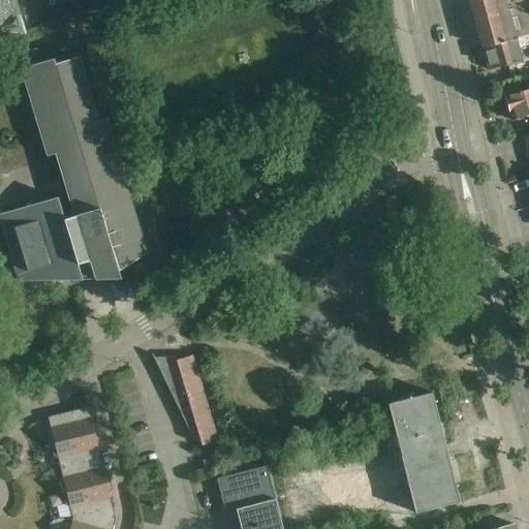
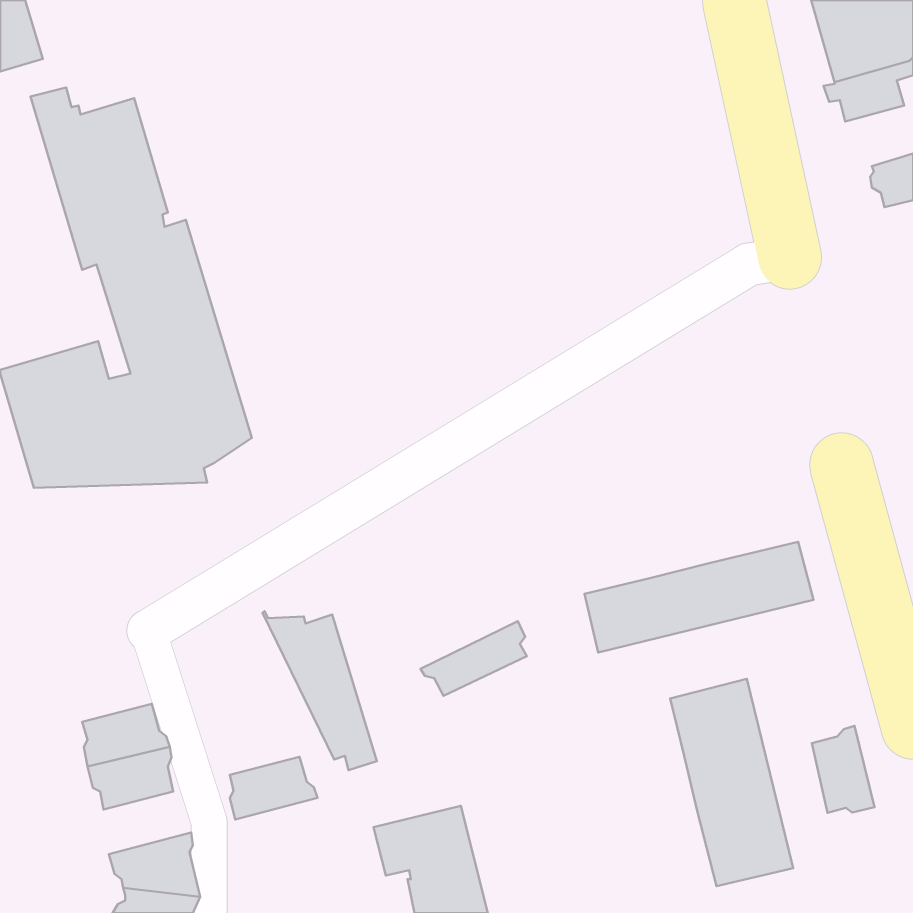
building: none -> [585,542,814,653]
building: none -> [420,621,527,696]
building: none -> [812,726,874,813]
building: [60,458,111,494] -> [230,757,317,819]

